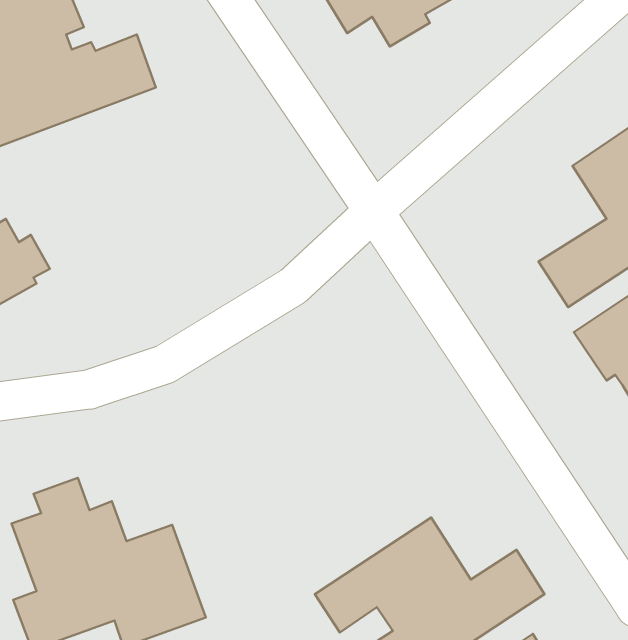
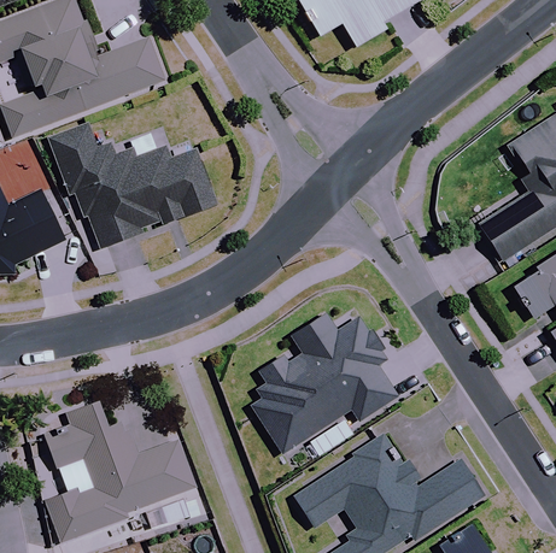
building: none -> [51,122,217,247]
building: none -> [248,310,397,452]

